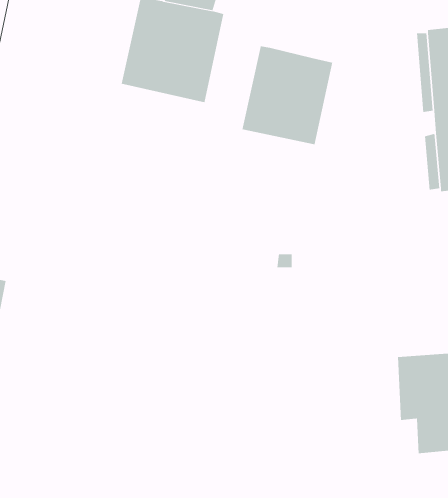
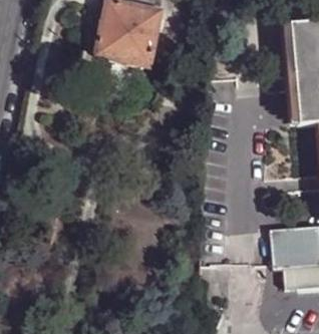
building: [242,46,333,145] -> none

